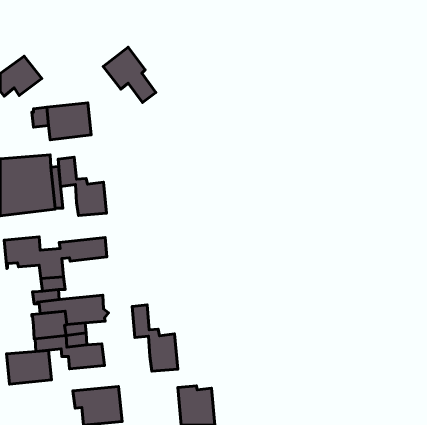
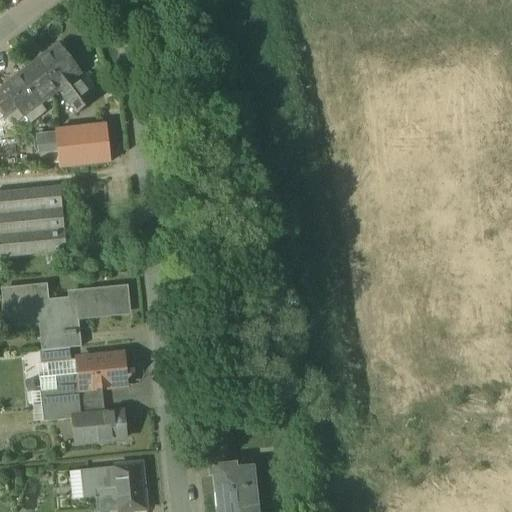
building: [103,47,156,103] -> [29,44,92,110]
building: [58,157,107,216] -> none
building: [132,305,178,371] -> none
building: [7,350,51,384] -> none

